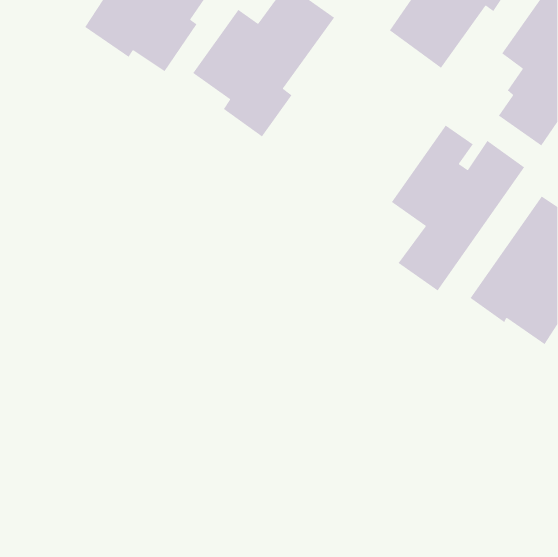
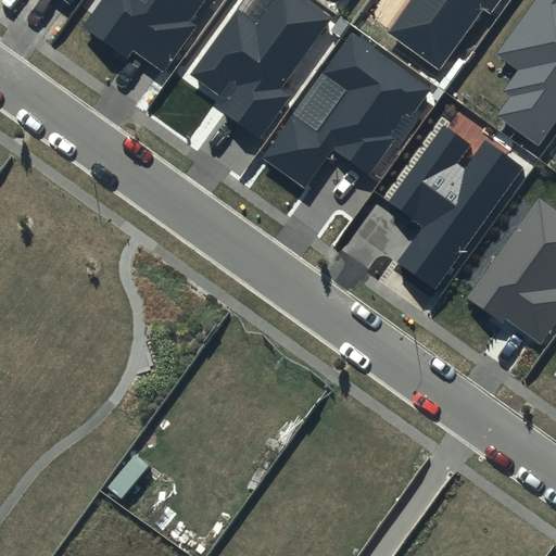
building: none -> [263,33,430,188]

